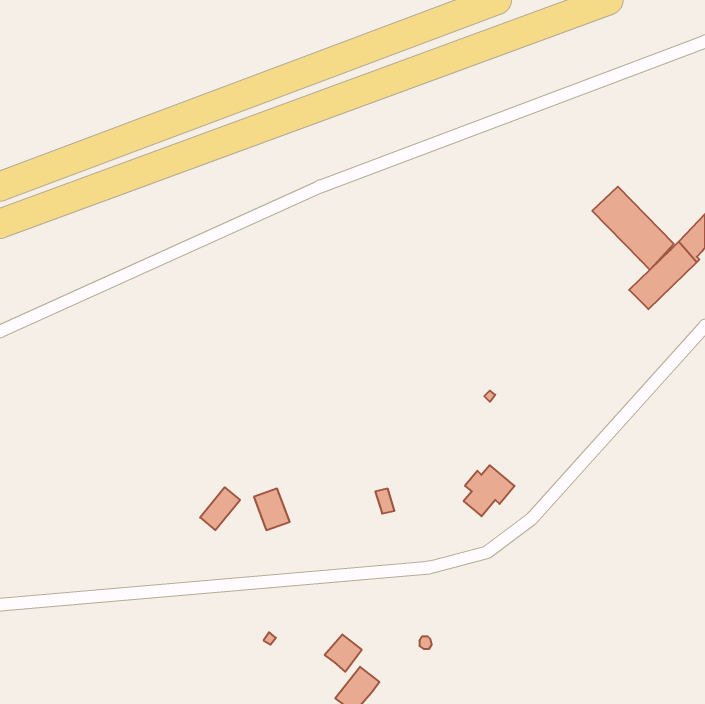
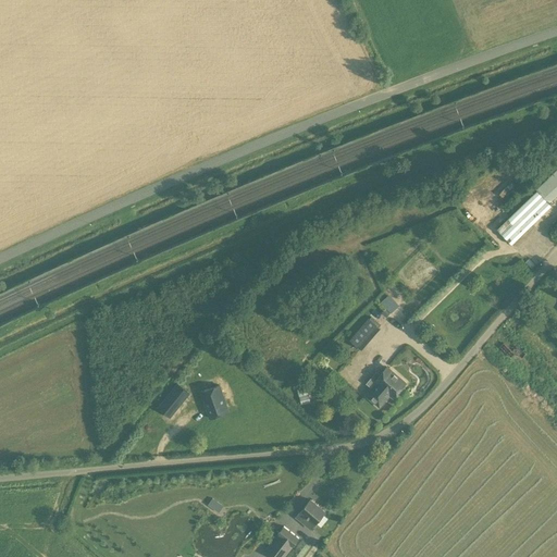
building: [592,187,674,270] -> none
building: none -> [349,319,381,351]
building: [325,634,362,672] -> [295,500,324,530]

